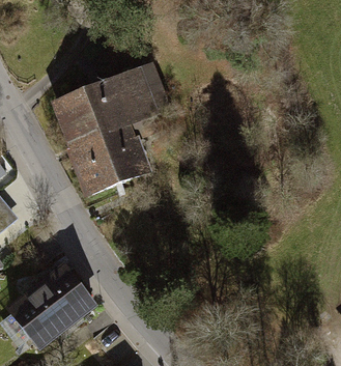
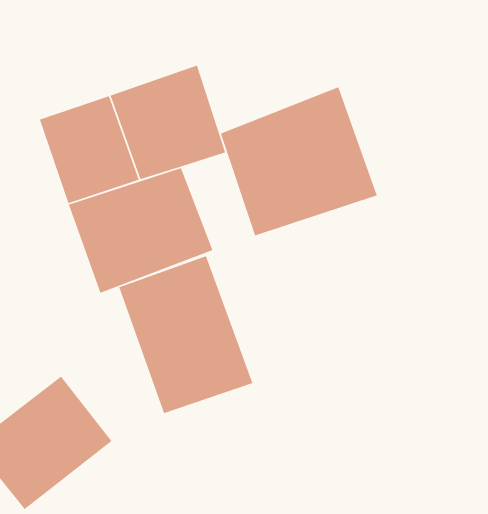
building: none -> [220,86,378,237]
building: none -> [118,255,253,414]

